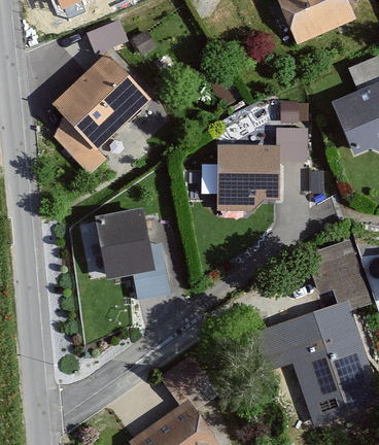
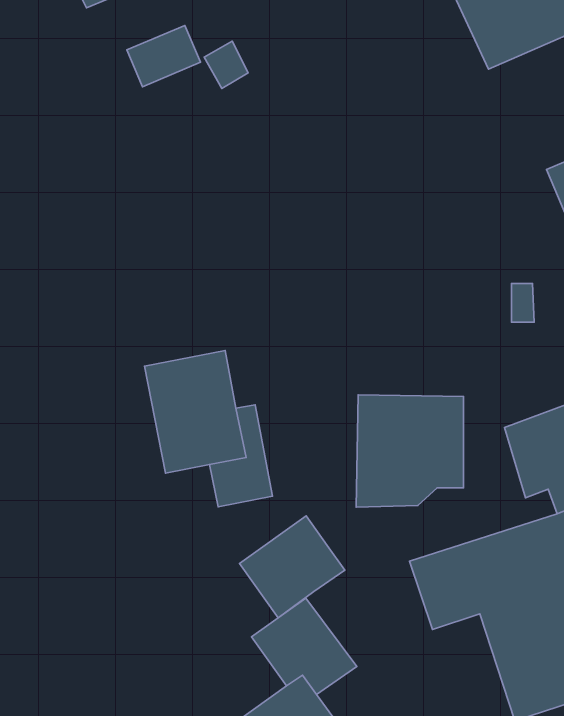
building: [50,53,150,173] -> none
building: [216,144,279,210] -> [356,395,463,507]
building: none -> [239,516,345,618]

